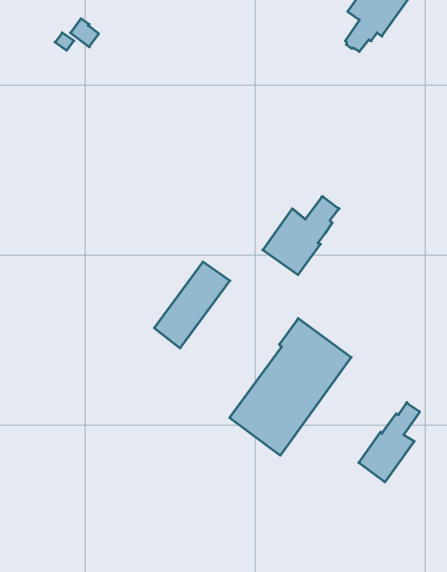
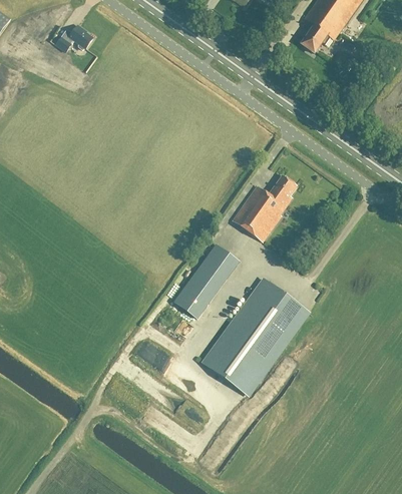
building: [154,262,230,348] -> [173,244,238,318]
building: [359,402,419,482] -> none

